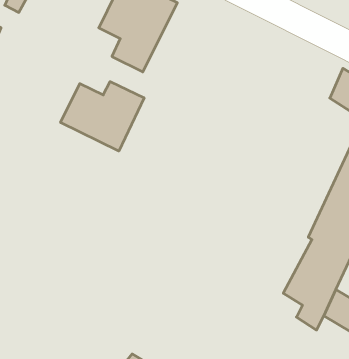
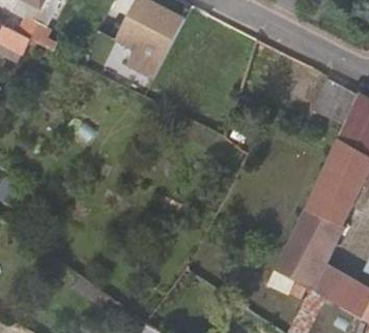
building: [61,82,144,151] -> none

